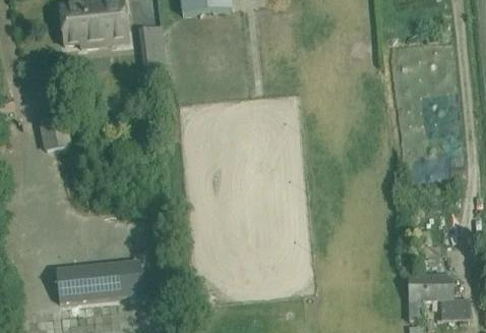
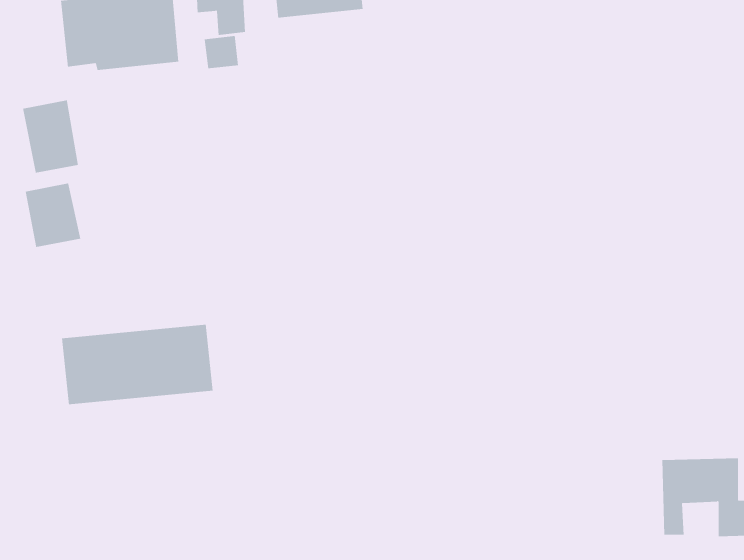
building: none -> [23,100,78,173]
building: [54,261,142,308] -> [61,324,214,405]

